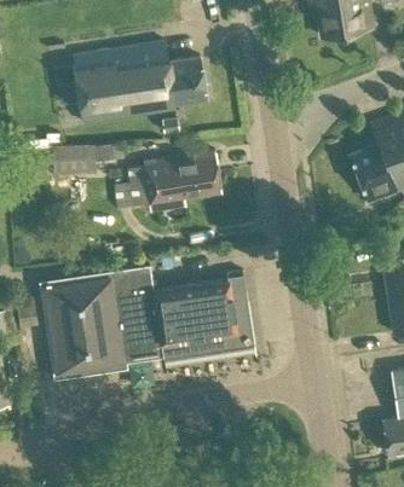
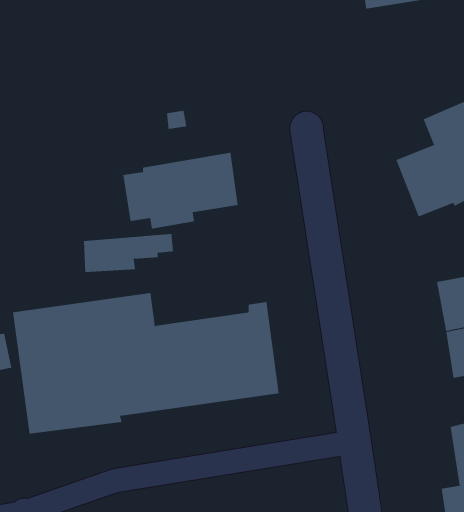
building: [73,41,208,126] -> none
building: [53,143,126,174] -> [83,233,174,273]

